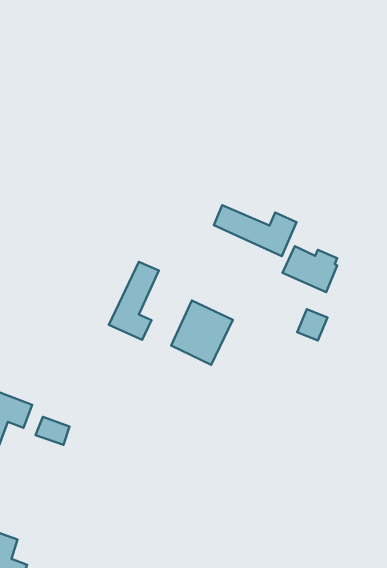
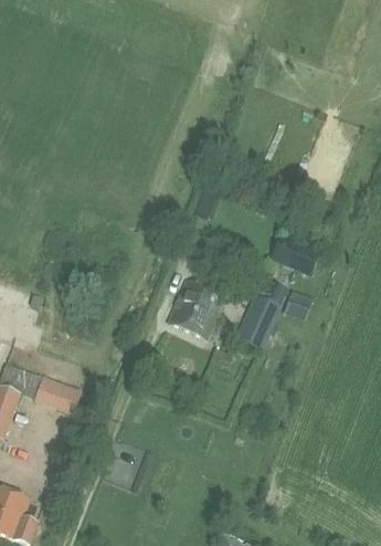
building: [214,205,297,256] -> none
building: [109,262,159,340] -> none
building: none -> [234,291,282,349]

